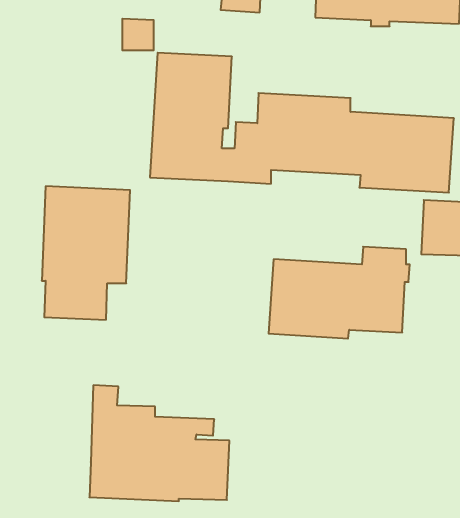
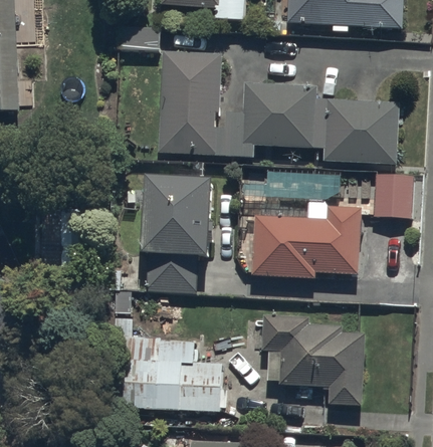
building: [42,186,130,320] -> [145,174,215,280]
building: none -> [262,315,366,407]

